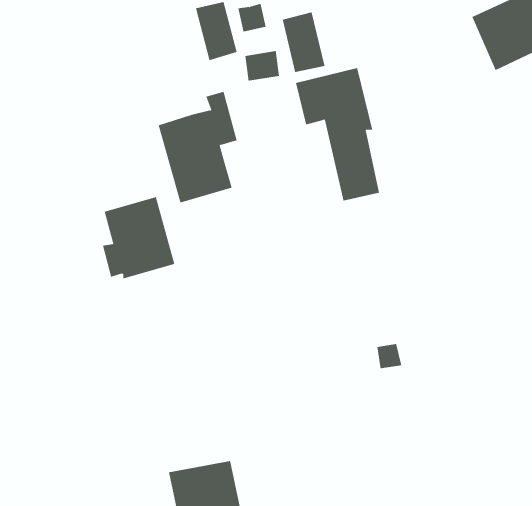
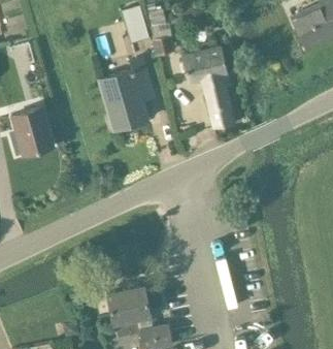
building: [282,11,325,73] -> none
building: [102,196,175,279] -> [10,106,55,157]

